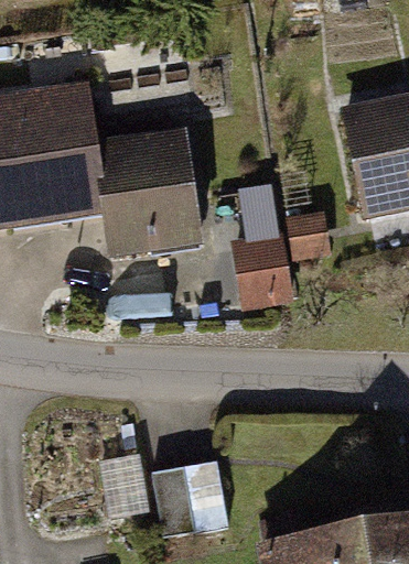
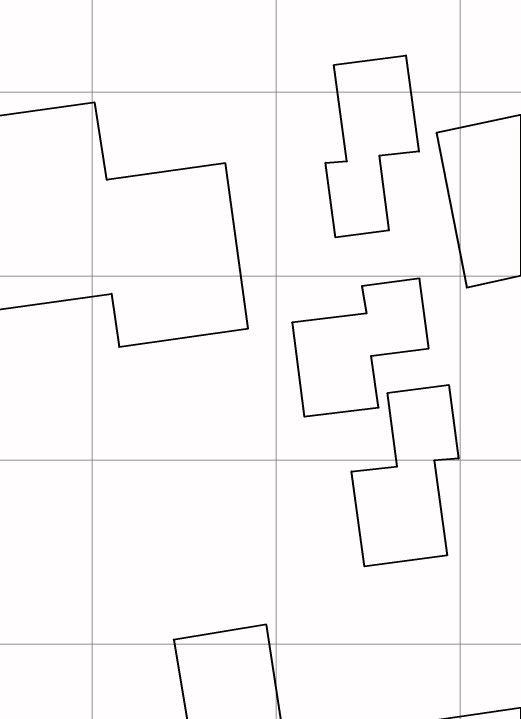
building: none -> [326,55,419,237]
building: none -> [352,385,458,566]

